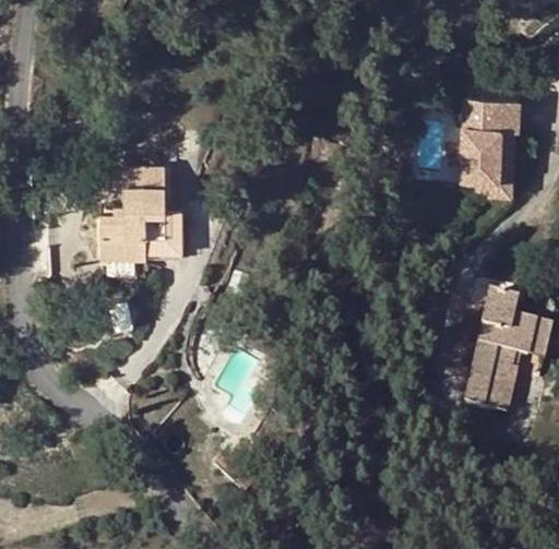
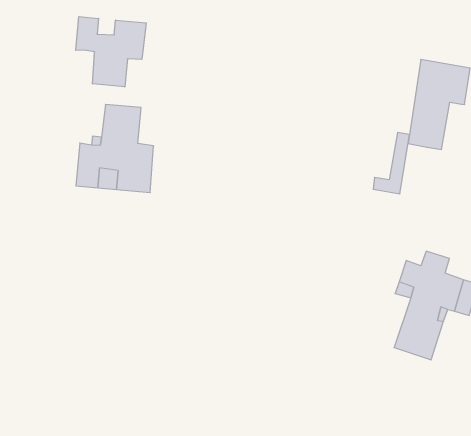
building: none -> [76,17,146,87]
building: [480,131,514,198] -> [373,132,409,194]

